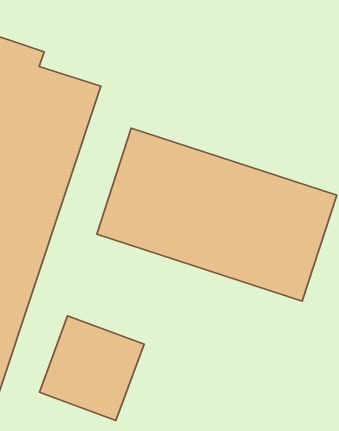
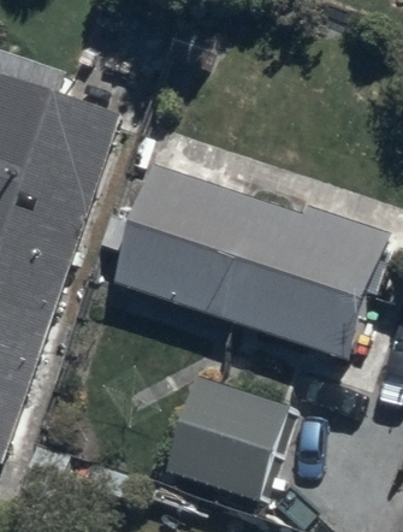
building: [39,316,144,421] -> [167,379,288,500]

